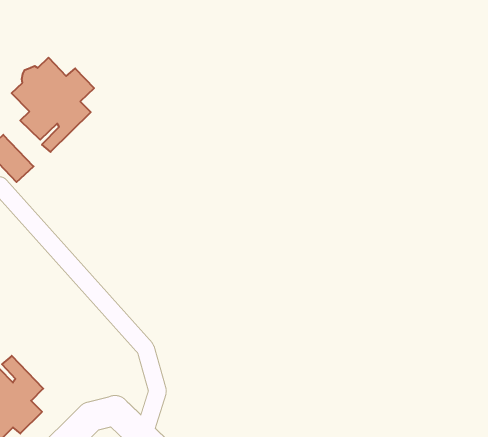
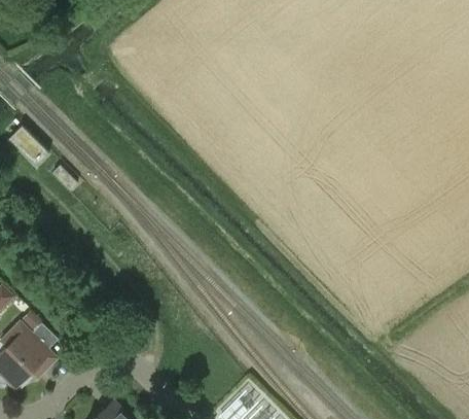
building: [12,58,94,152] -> none

